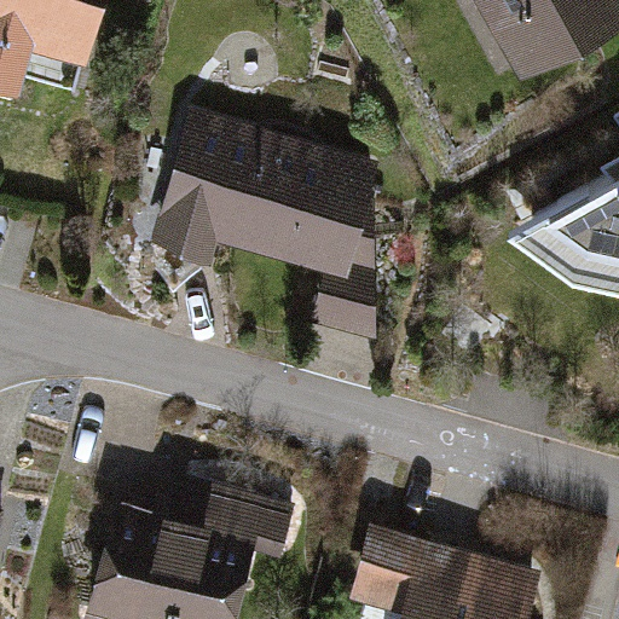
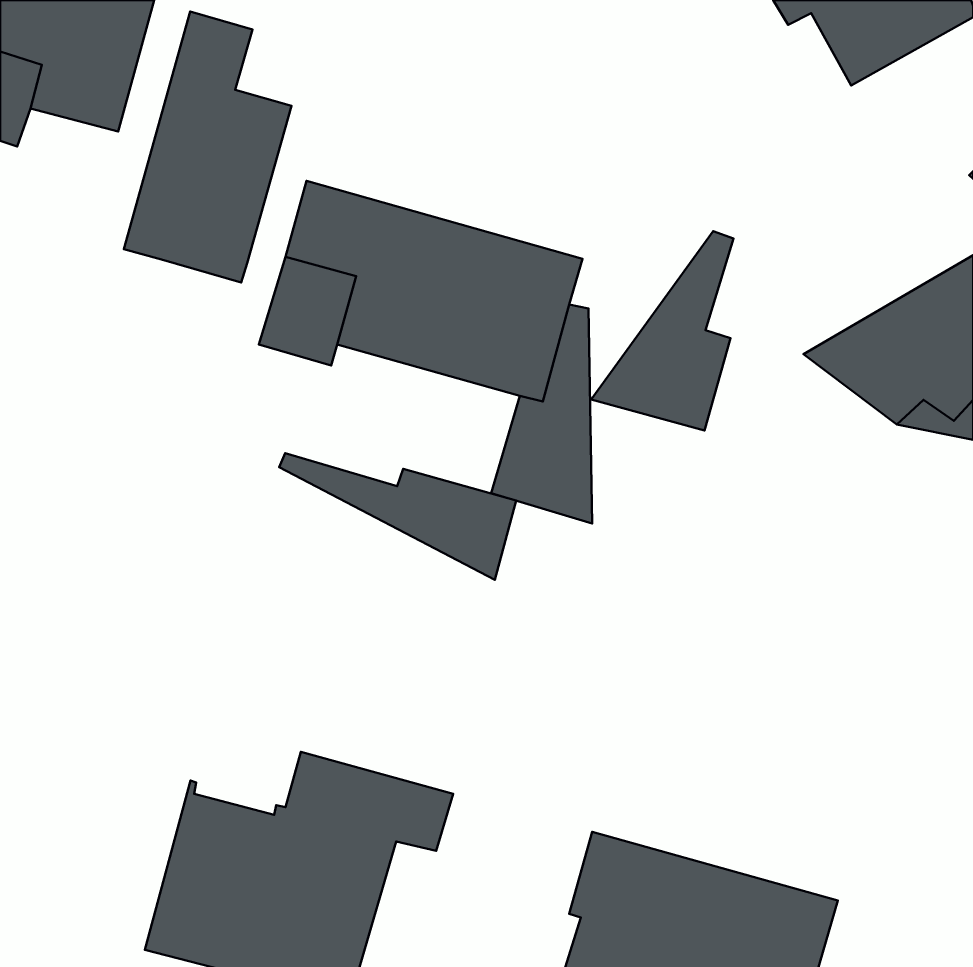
building: none -> [124,12,291,282]
building: none -> [591,231,733,431]
building: none -> [279,453,516,580]

